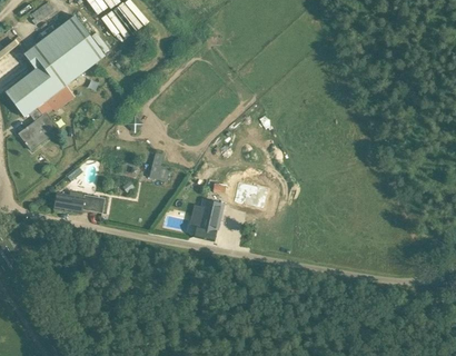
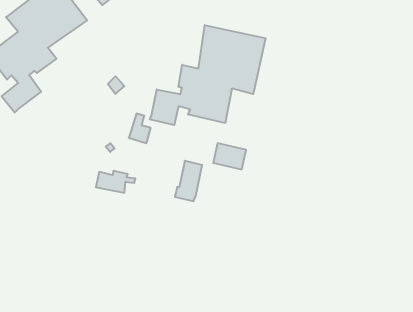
building: none -> [150,25,265,125]
building: [53,191,93,214] -> [96,171,135,193]

